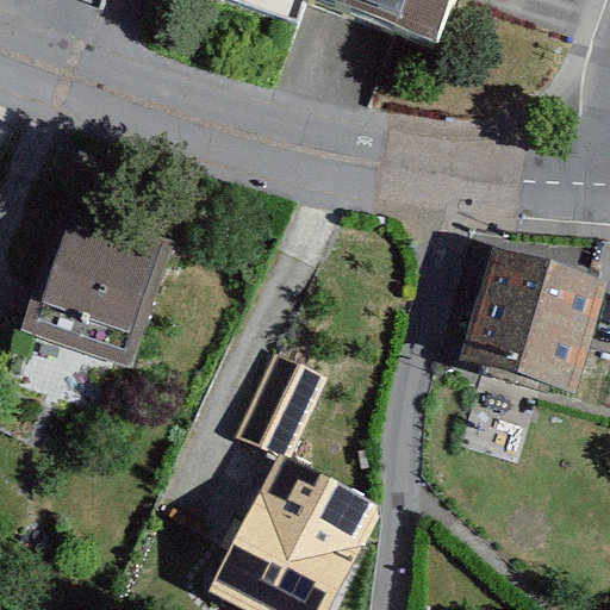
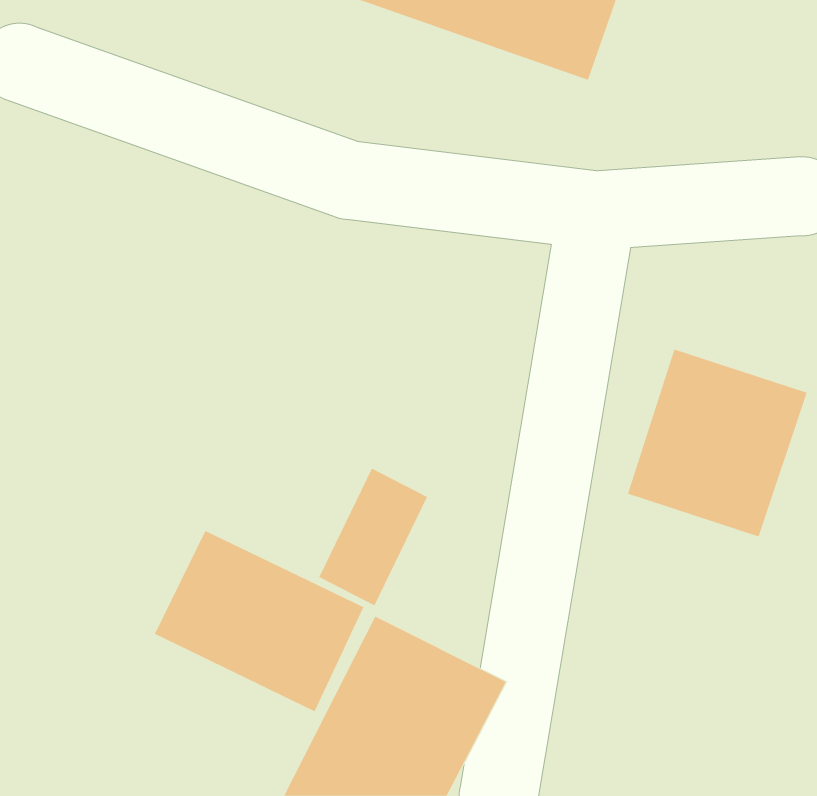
building: [39,208,173,344] -> none
building: none -> [154,530,364,712]

